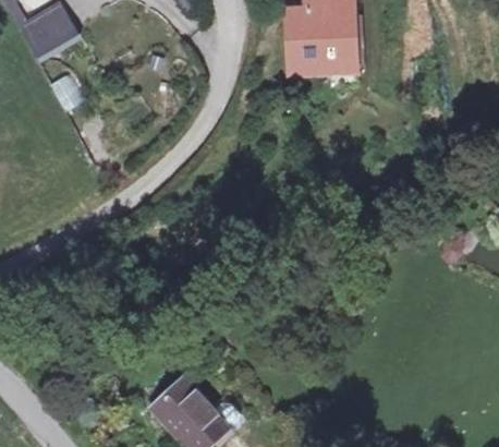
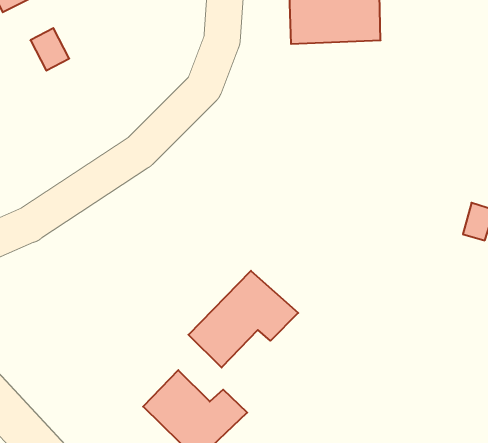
building: none -> [188,271,298,368]

